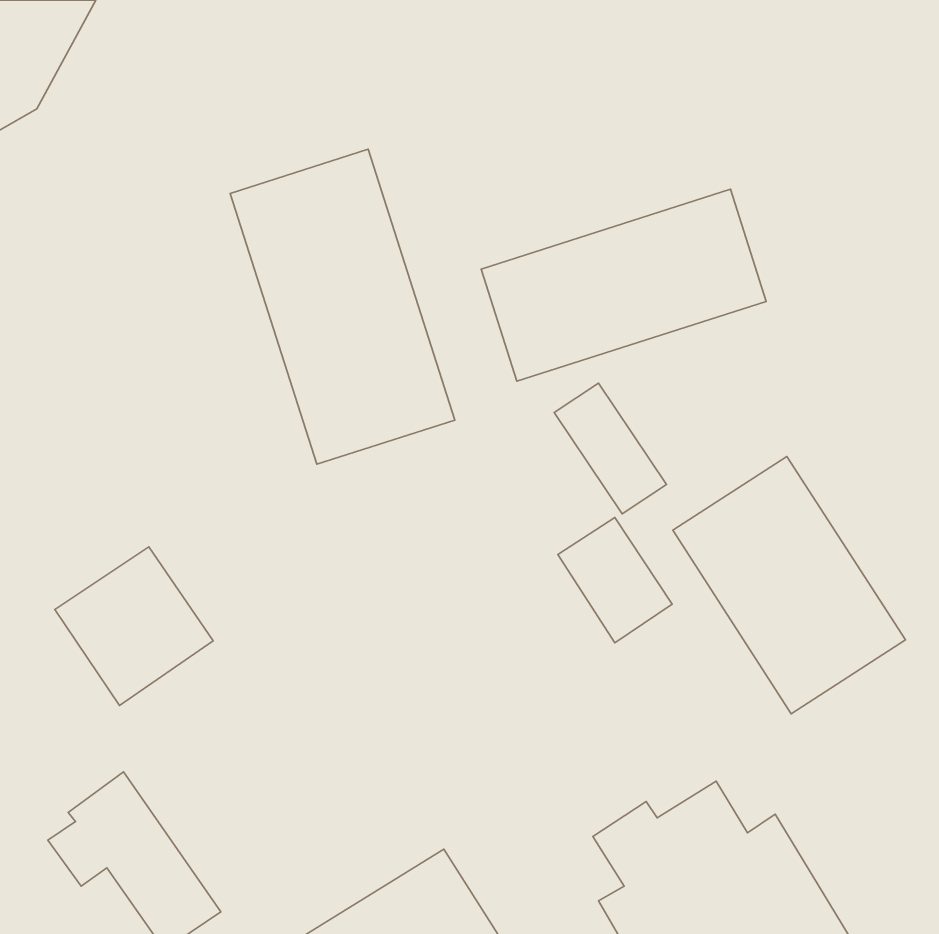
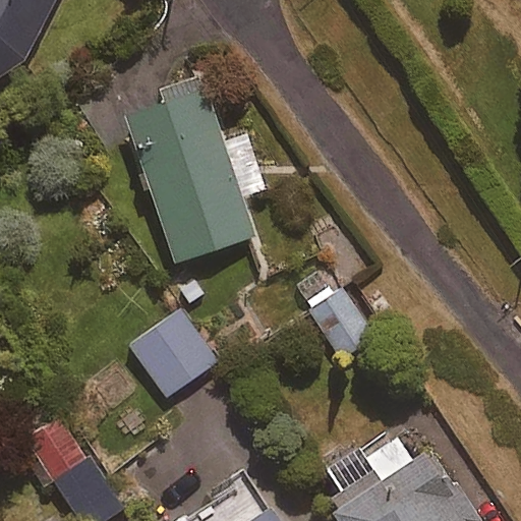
building: [481,189,766,381] -> none
building: [673,456,905,714] -> none
building: [55,547,213,705] -> [130,312,218,400]

